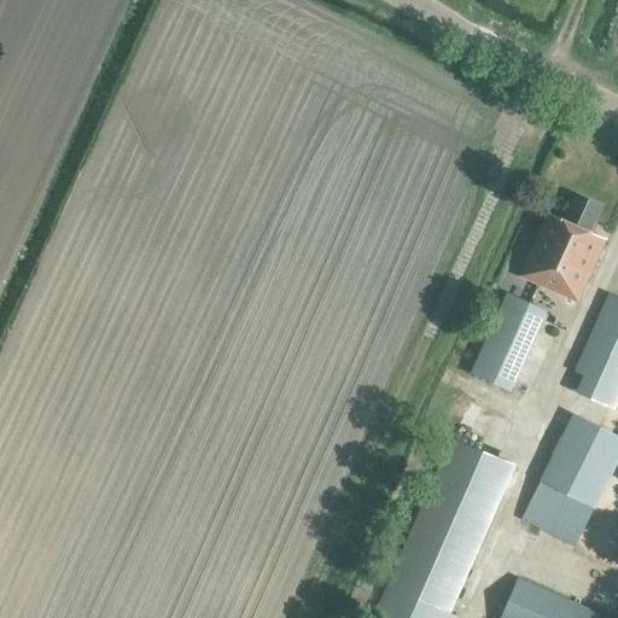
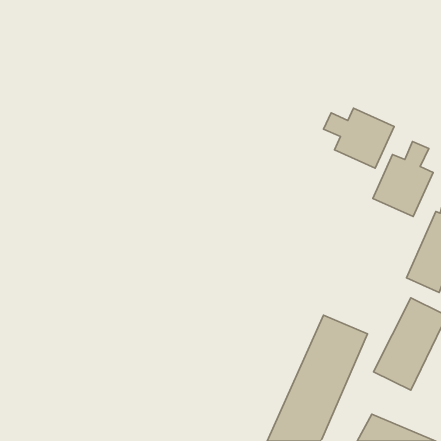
building: none -> [323,108,394,168]
building: [472,295,547,391] -> none

